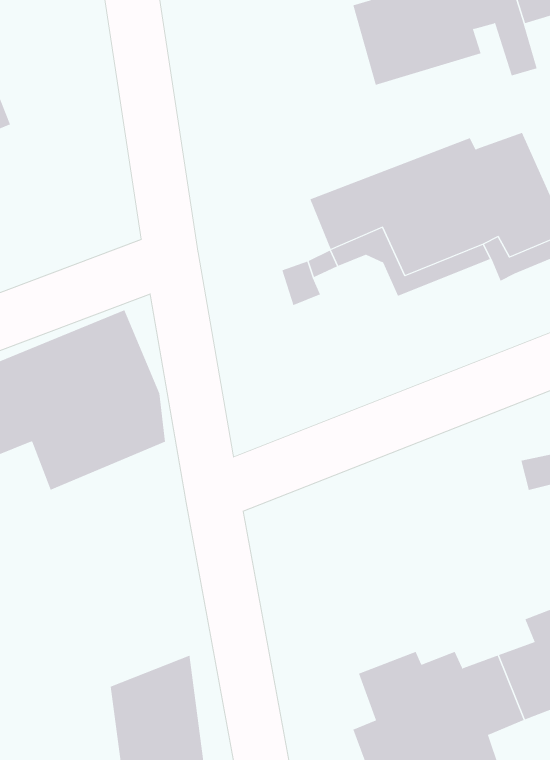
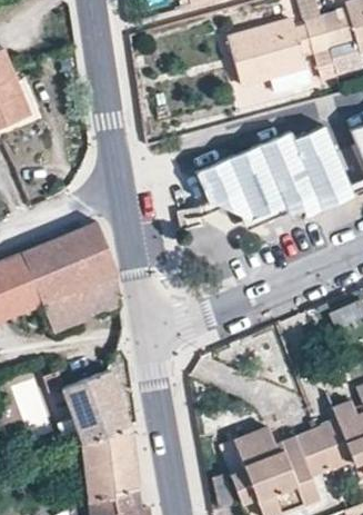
building: none -> [67,376,133,448]

